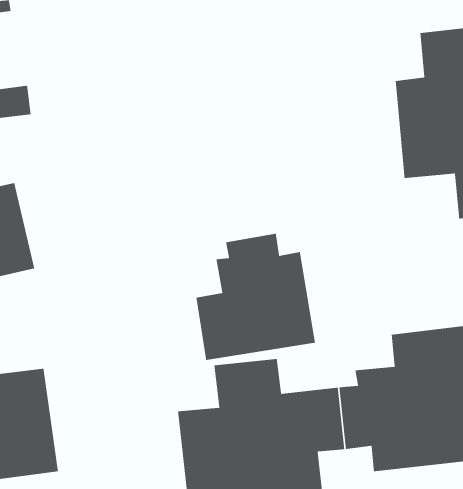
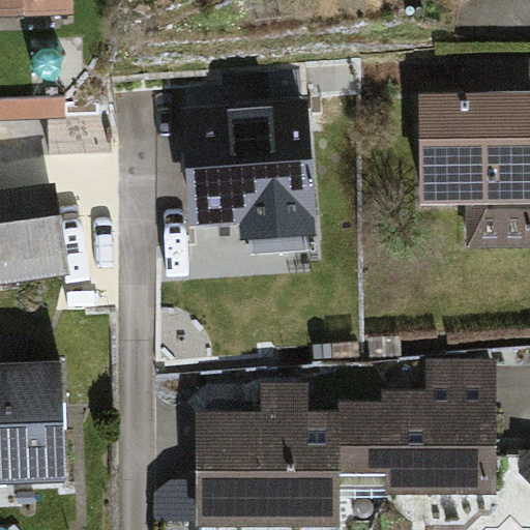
building: none -> [181,101,315,240]
building: [196,233,316,361] -> none

